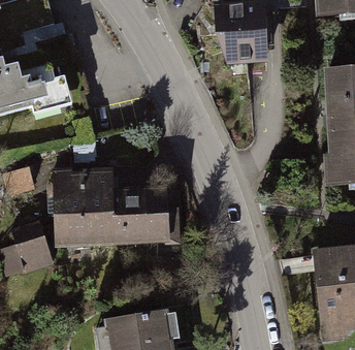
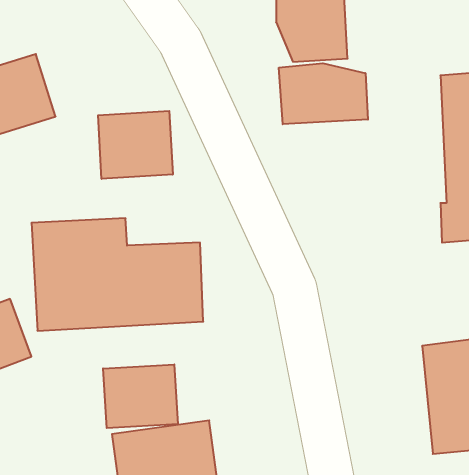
building: none -> [279,63,368,124]
building: none -> [98,111,173,179]
building: none -> [103,364,178,428]

